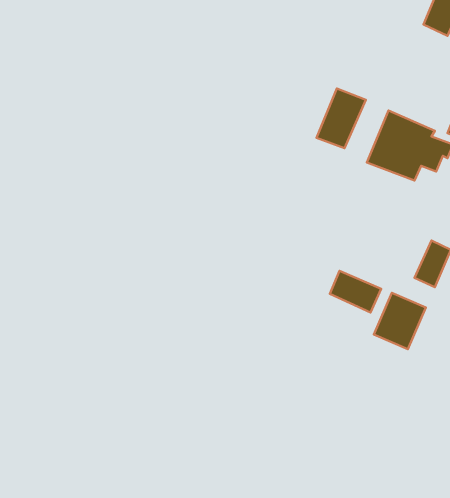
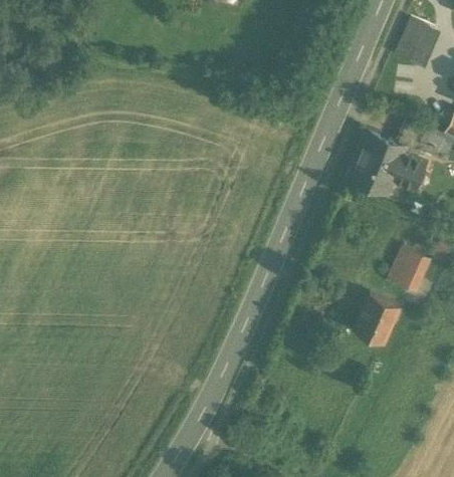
building: [316,88,366,148] -> none
building: [330,271,381,313] -> none

